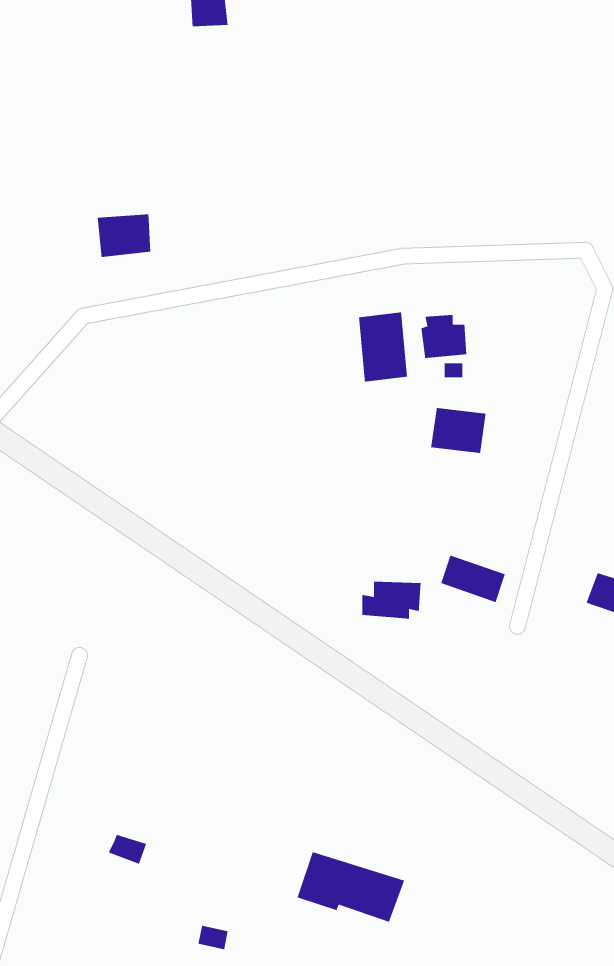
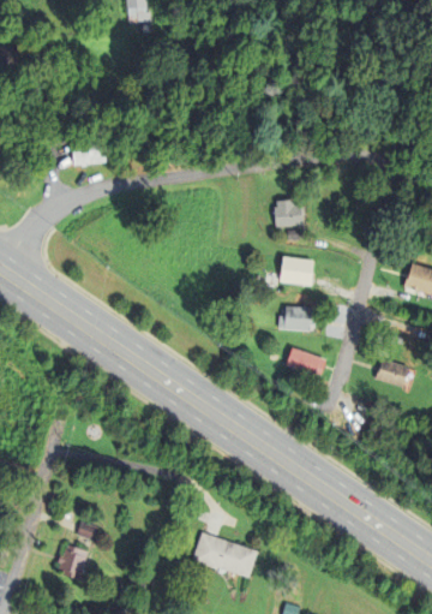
building: [358,312,408,383] -> none
building: [361,581,422,619] -> [277,308,314,332]
building: none -> [61,544,91,580]

